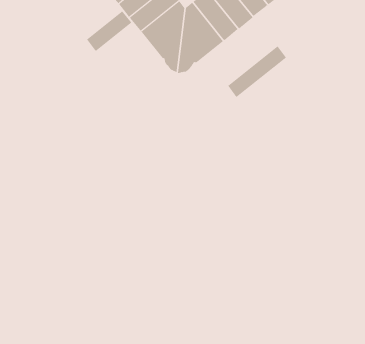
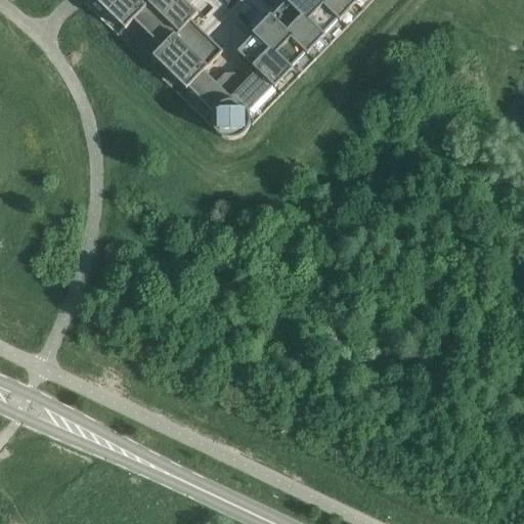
building: [86,11,132,52] -> none
building: [227,46,287,98] -> none

